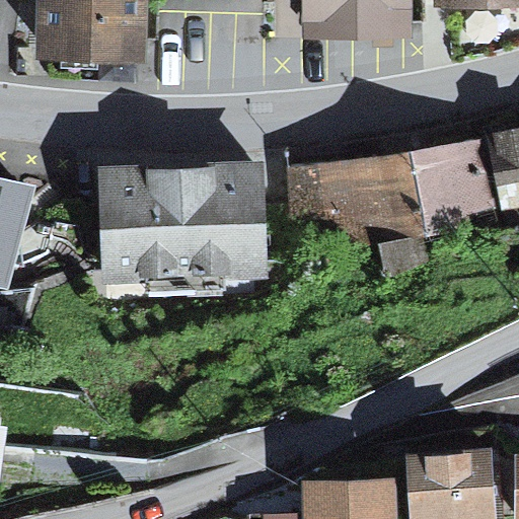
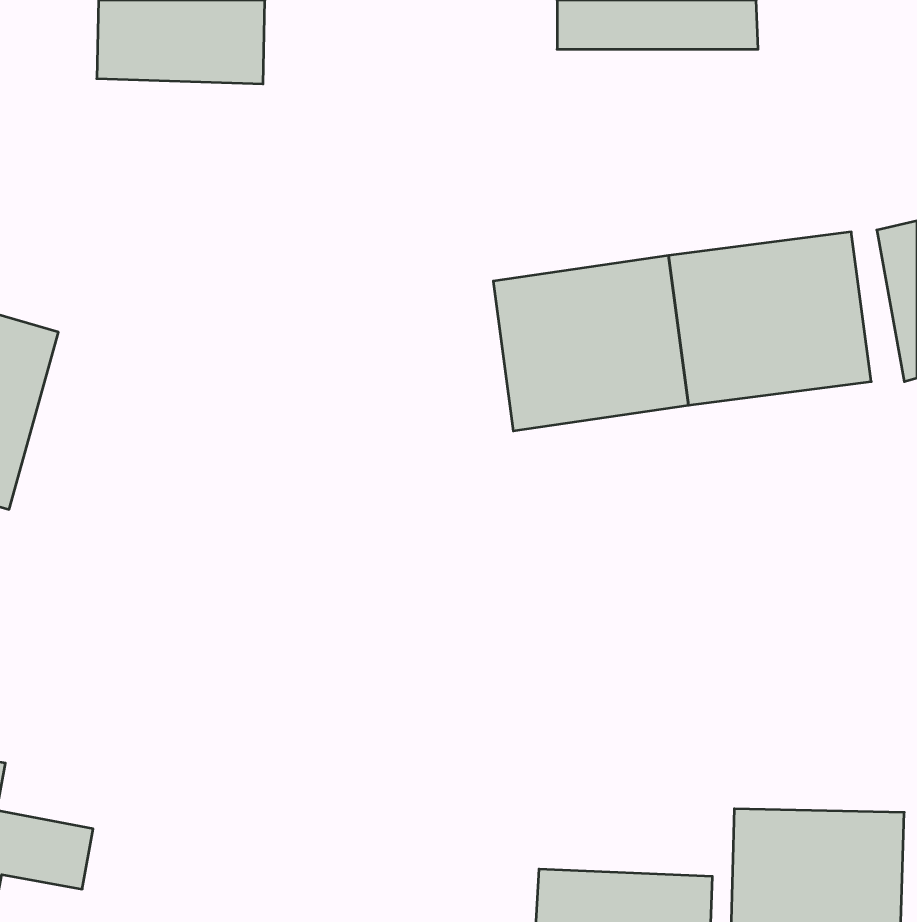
building: [90,160,272,283] -> none

